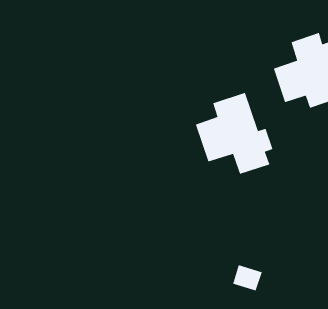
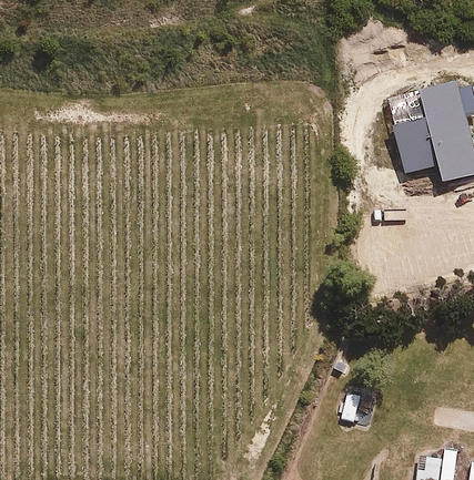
building: [195,92,274,175] -> none

